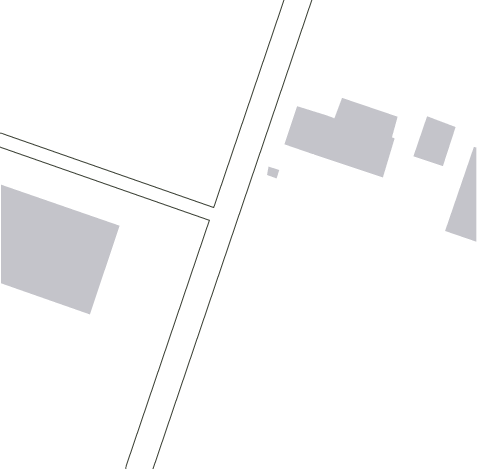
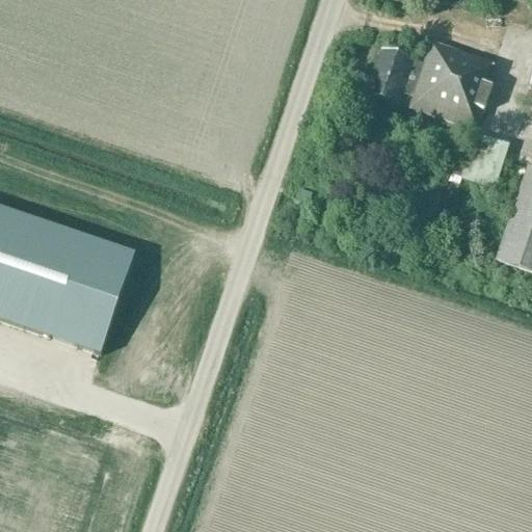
building: [284,97,398,178] -> [366,37,494,128]

